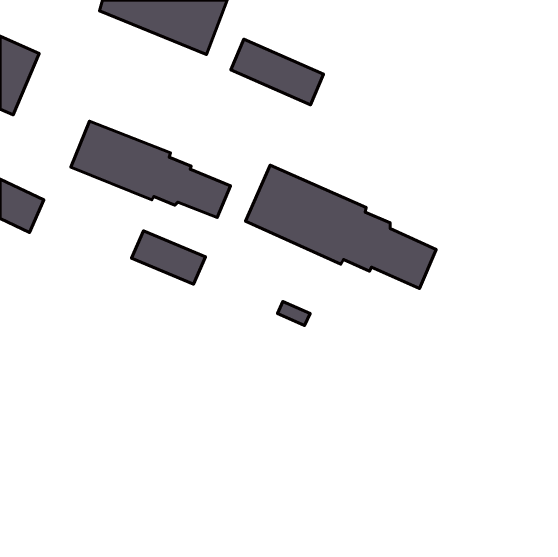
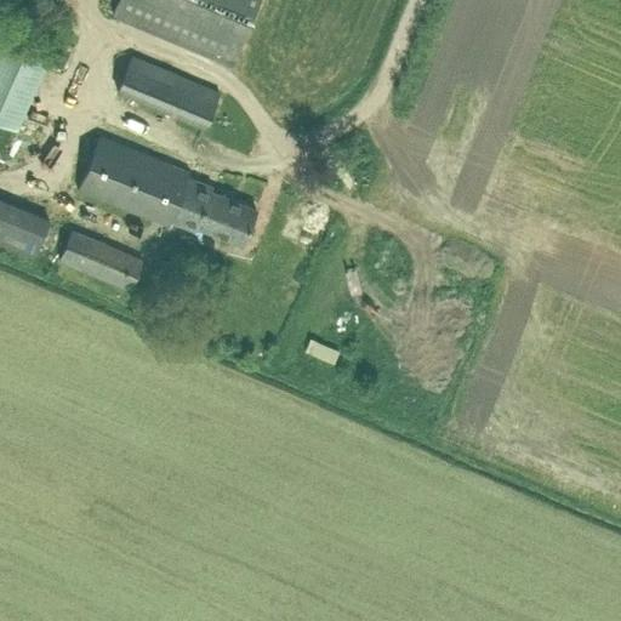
building: [231,39,324,105] -> [115,57,218,130]
building: [245,165,436,288] -> none
building: [131,231,206,284] -> [58,232,141,291]

